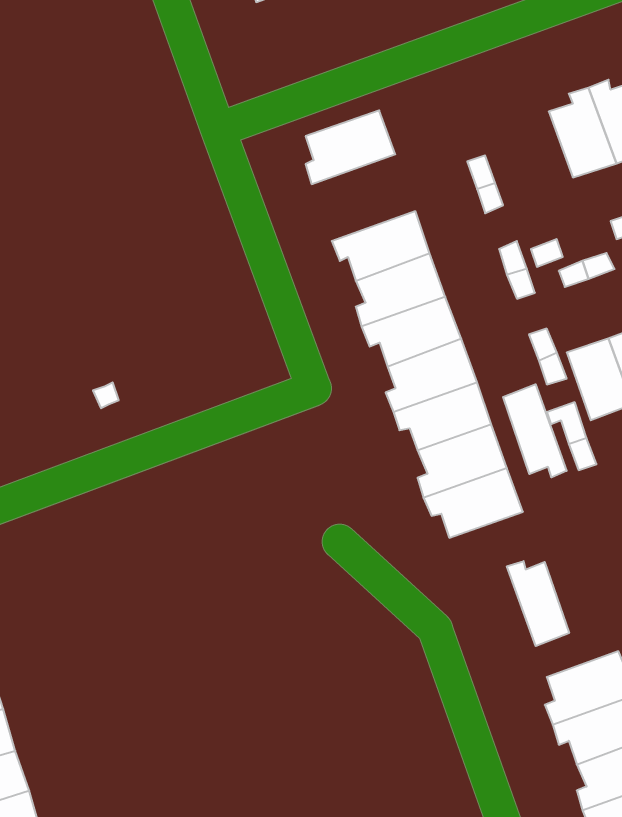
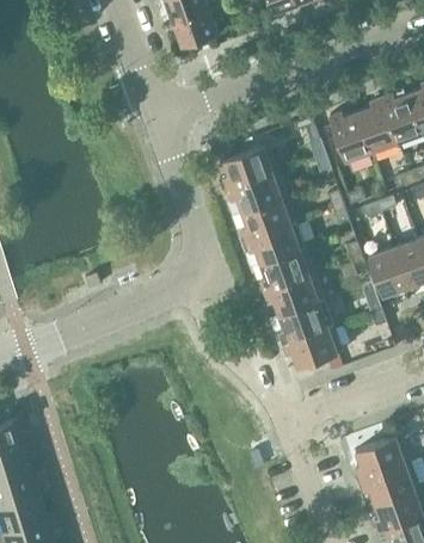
building: [306,110,395,184] -> [222,147,276,191]
building: none -> [327,113,370,162]
building: [503,384,567,477] -> none
building: [507,561,569,646] -> none

